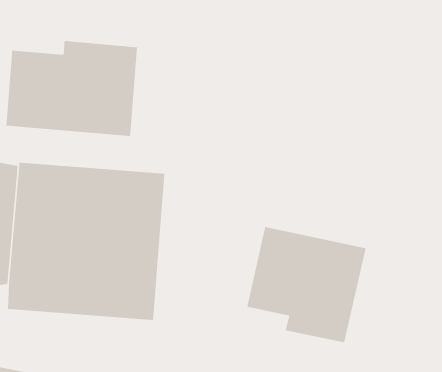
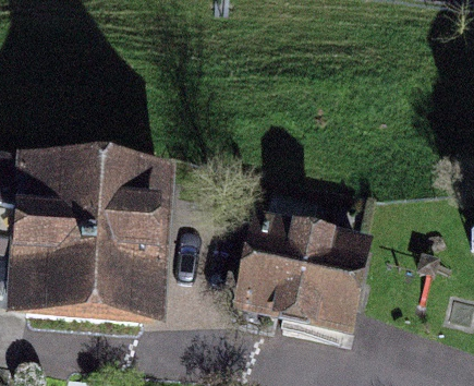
building: [6,40,137,137] -> none

